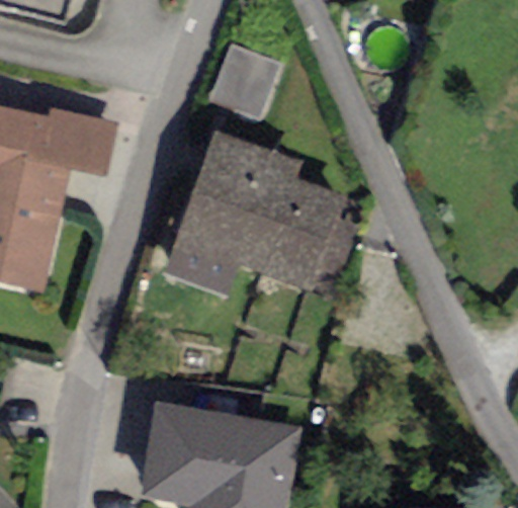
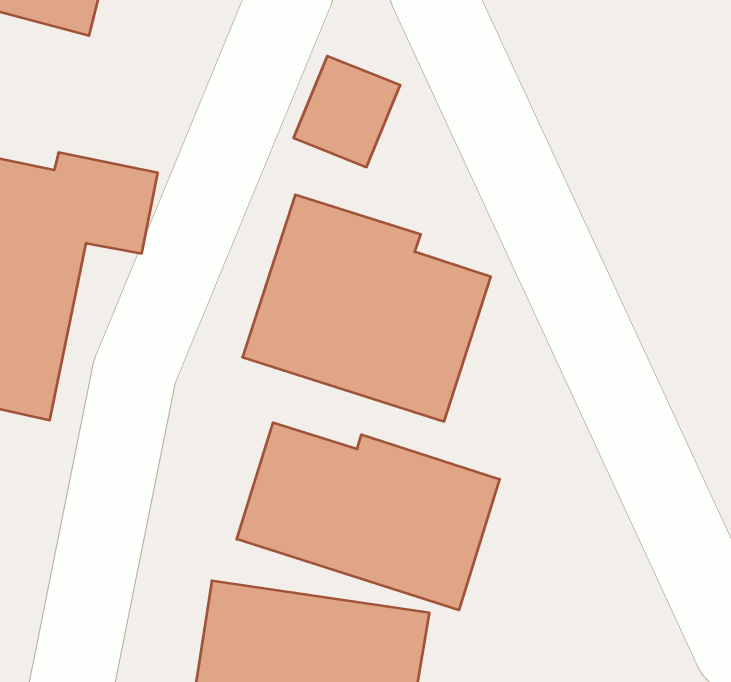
building: none -> [237,423,500,610]

